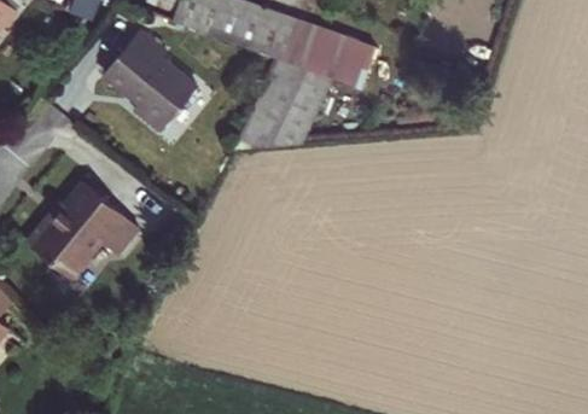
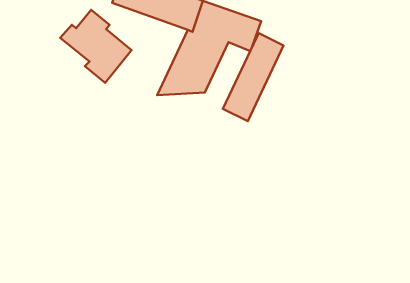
building: none -> [223,33,284,121]
building: [29,183,139,279] -> none

